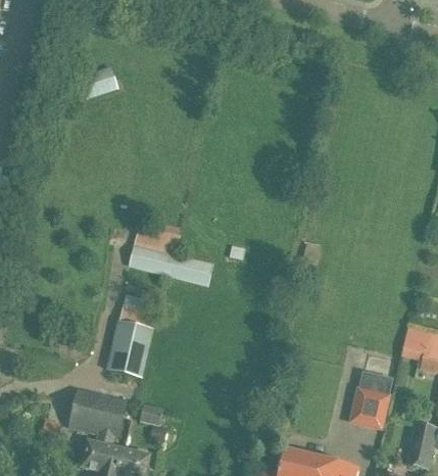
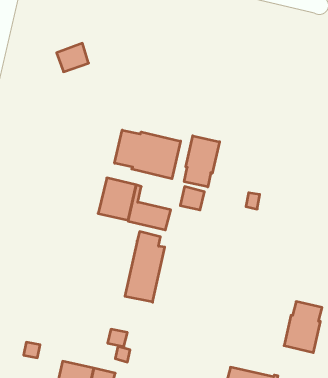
building: none -> [115,130,181,179]
building: none -> [184,136,220,187]
building: [108,293,155,377] -> [125,232,165,302]
building: [69,388,127,439] -> none

